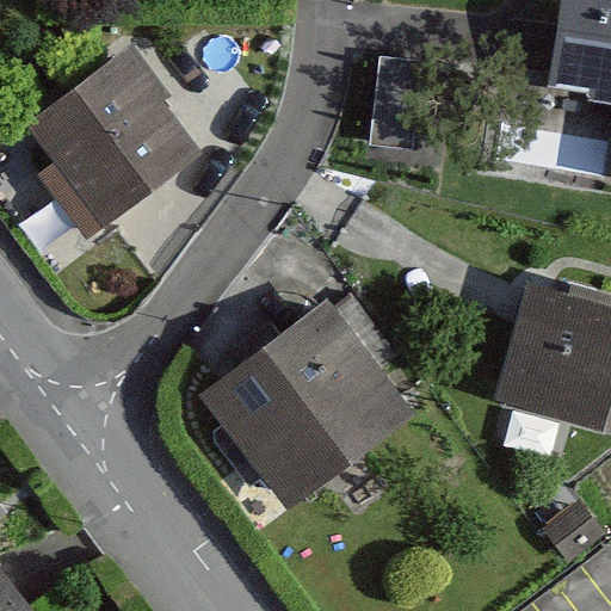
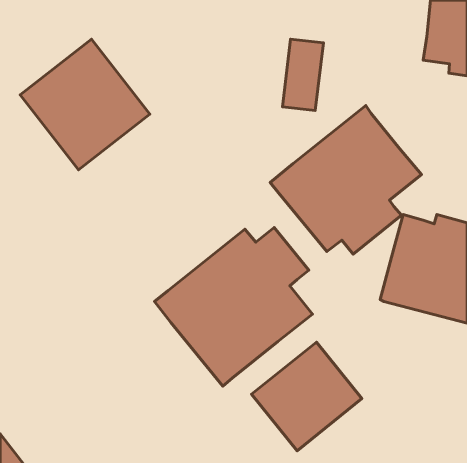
building: none -> [270,105,421,254]
building: none -> [252,342,362,451]

